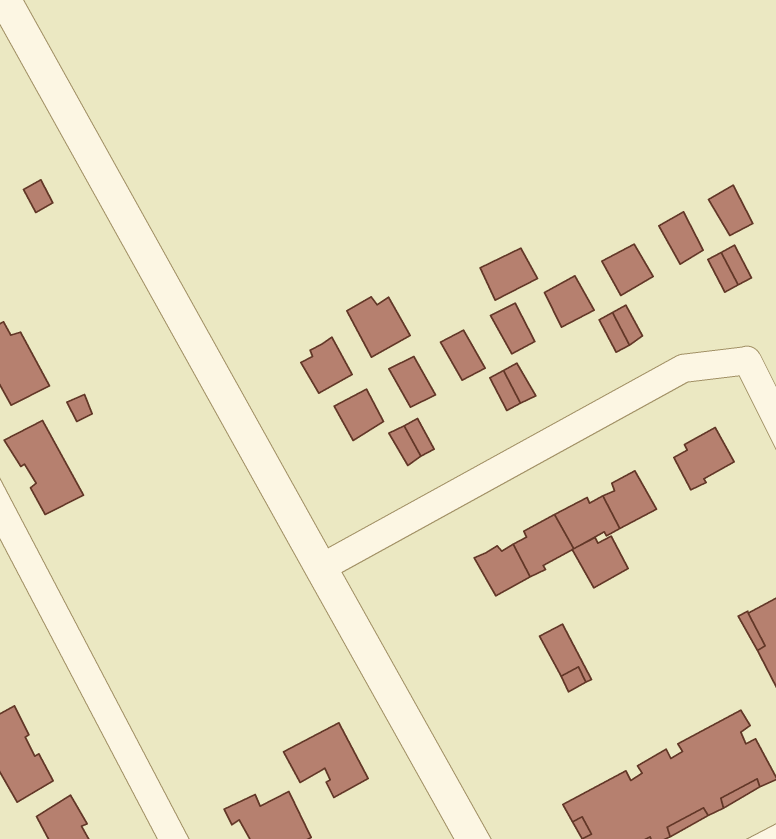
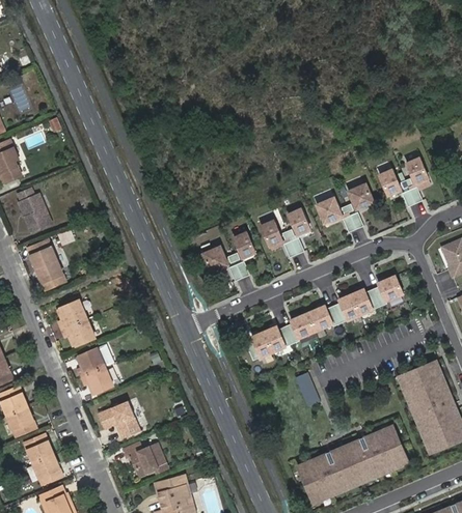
building: [480,248,538,300] -> none
building: [347,297,410,357] -> none
building: [301,337,352,393] -> none
building: none -> [59,302,94,347]
building: [572,536,628,588] -> [352,290,380,316]
building: none -> [246,333,274,362]
building: none -> [80,349,113,394]
building: [283,723,368,798] -> [99,402,141,440]

